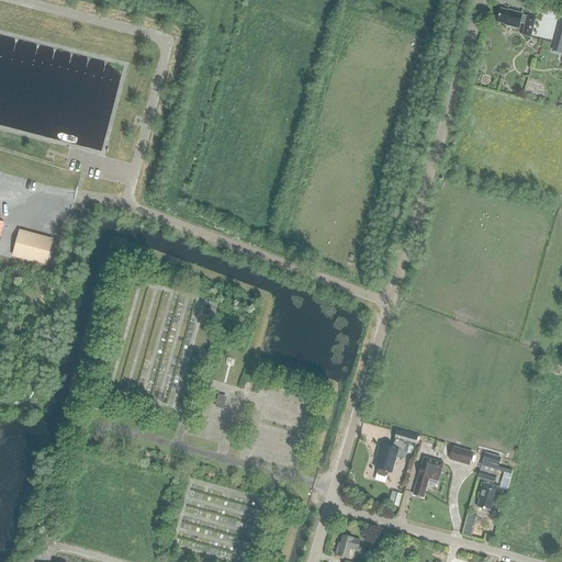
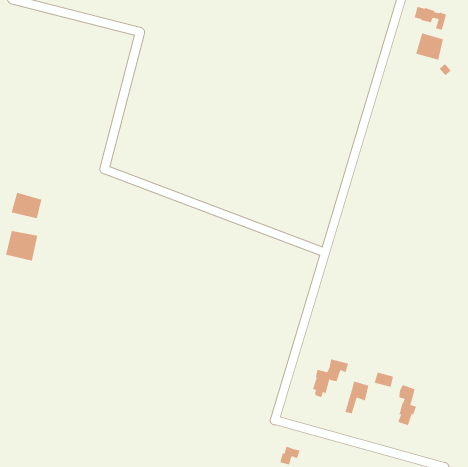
building: none -> [415,33,443,60]
building: none -> [6,230,38,262]

